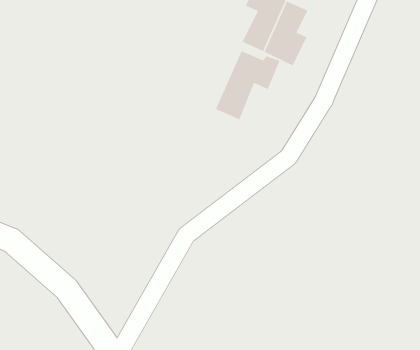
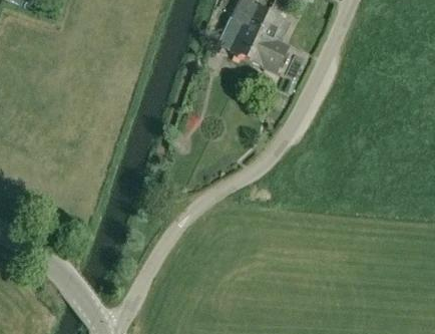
building: [215,50,281,121] -> none

